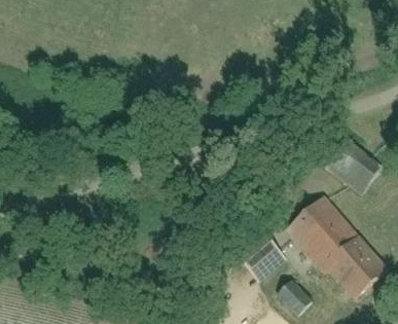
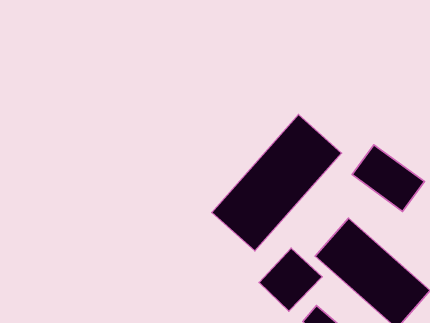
building: none -> [212,115,342,251]

